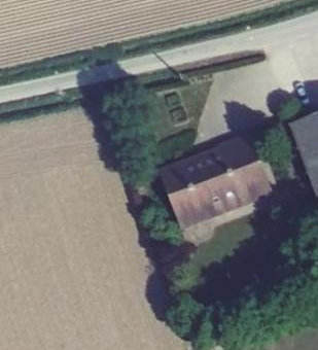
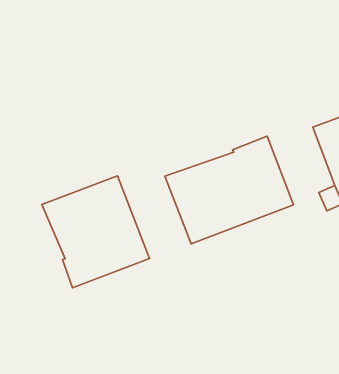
building: none -> [42,176,149,288]

